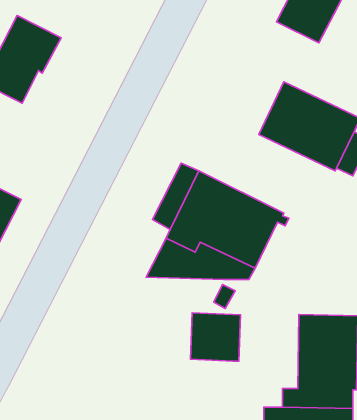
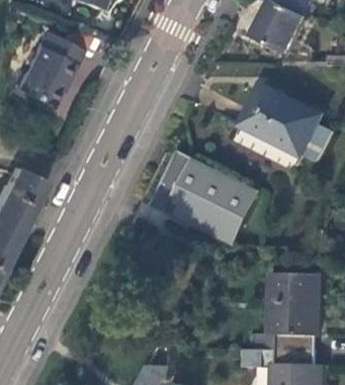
building: [191,313,240,361] -> none

